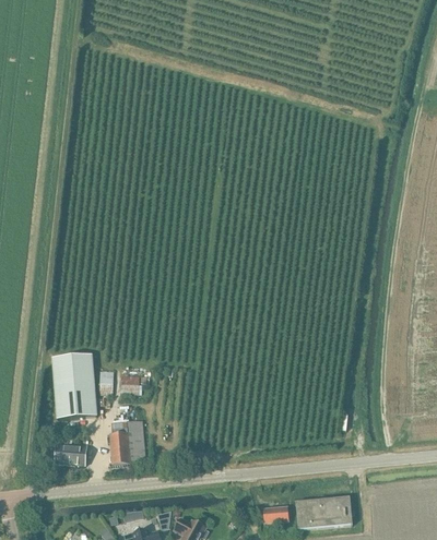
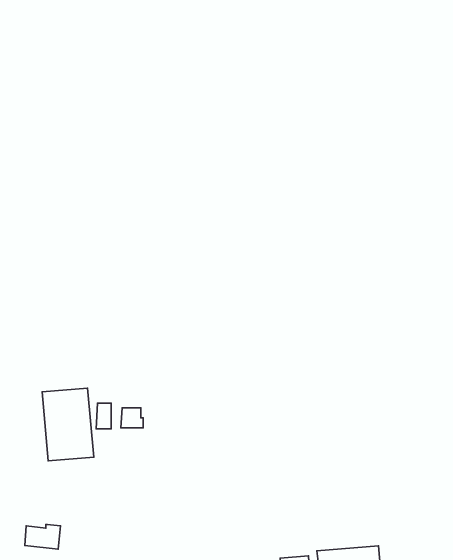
building: [110,419,145,463] -> none
building: [55,442,86,464] -> [25,524,61,549]

